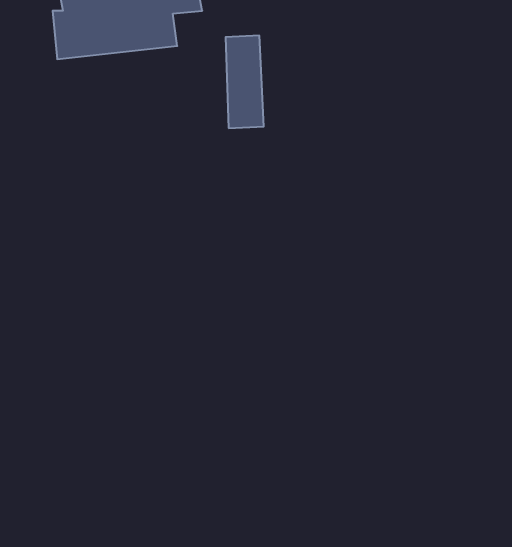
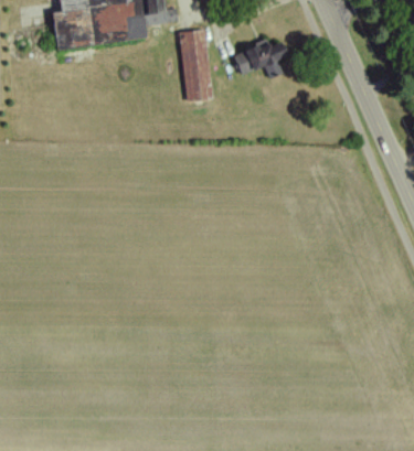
building: none -> [233,39,290,76]

